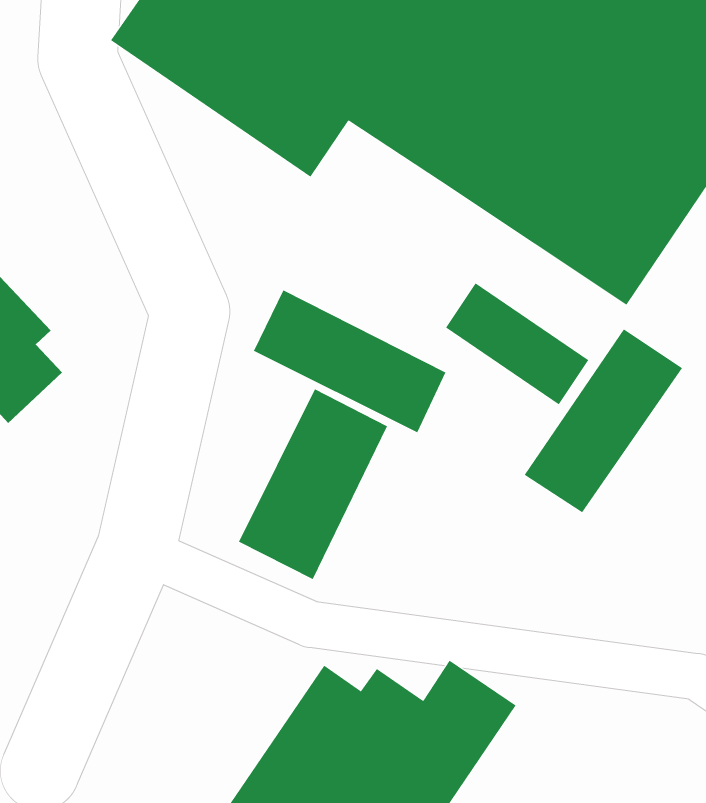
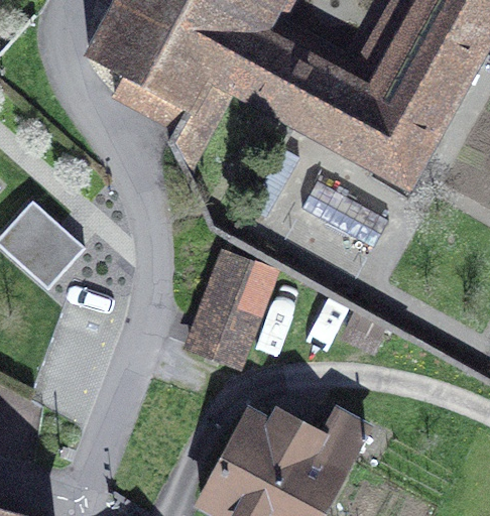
building: [253,289,446,433] -> none
building: [524,328,683,513] -> none

